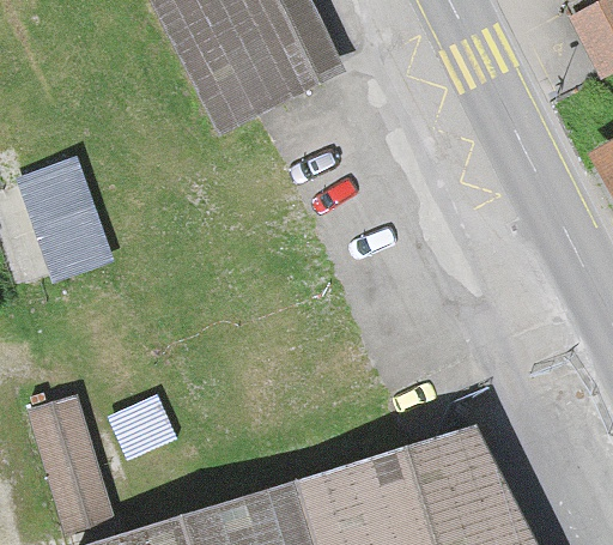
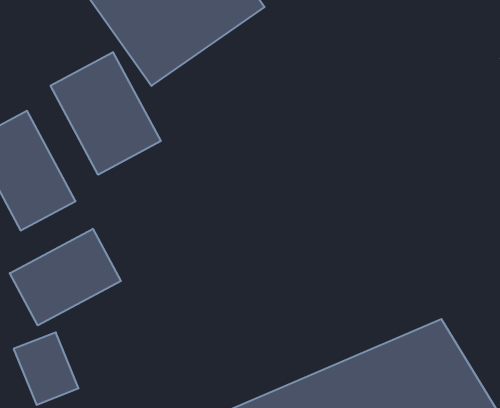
building: none -> [51,52,161,175]
building: none -> [10,229,121,325]

